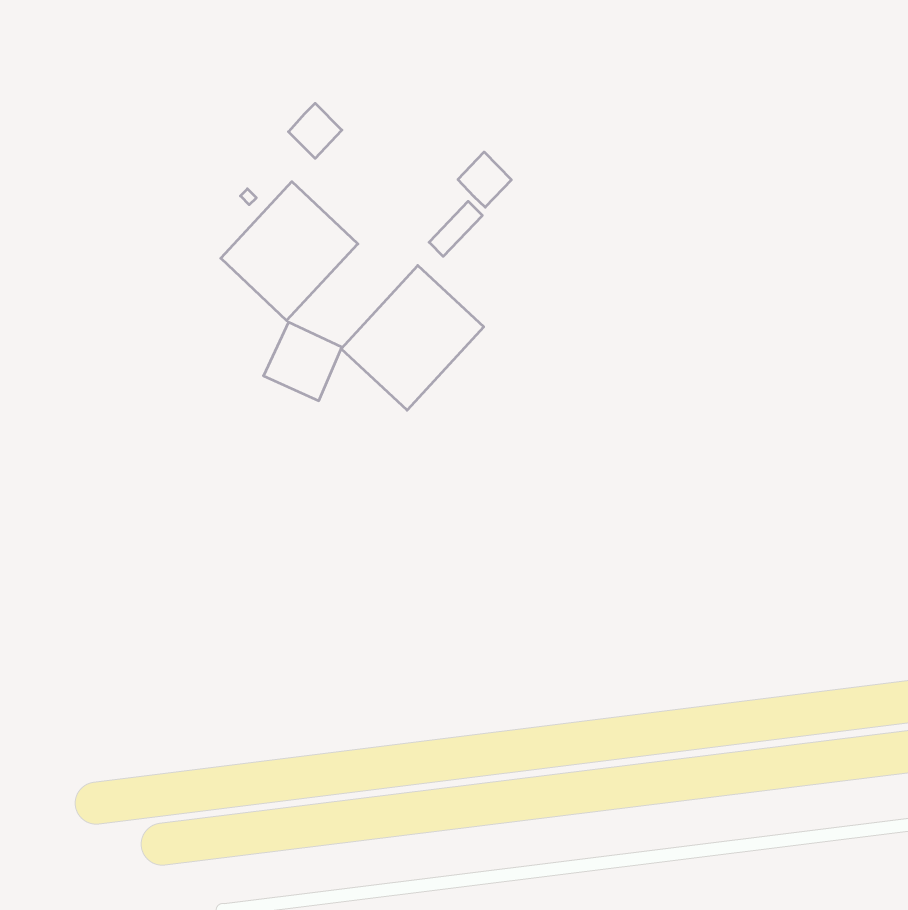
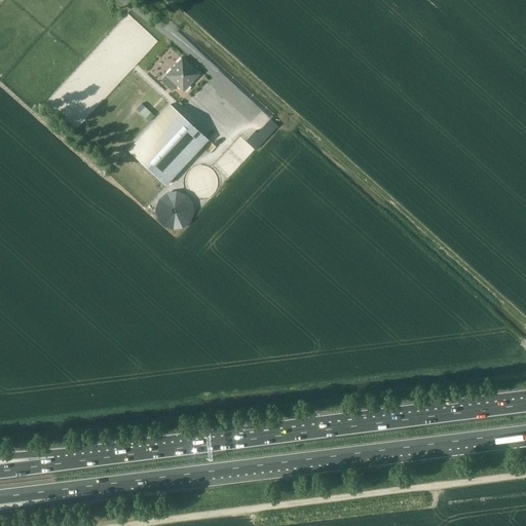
building: [458,152,511,207] -> none
building: [341,265,484,410] -> none

